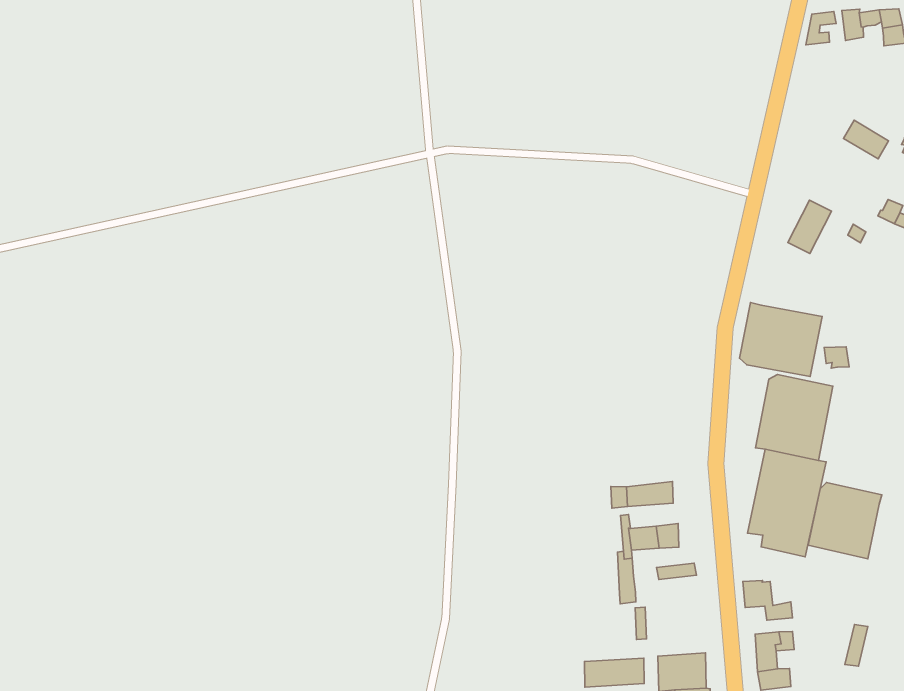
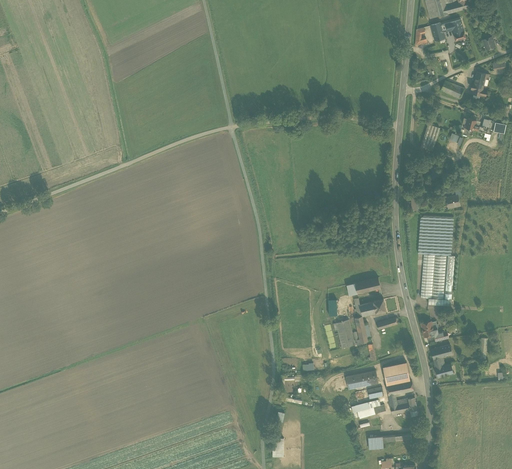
building: [740,303,822,377] -> none
building: [808,482,882,559] -> none
building: none -> [334,318,354,346]

